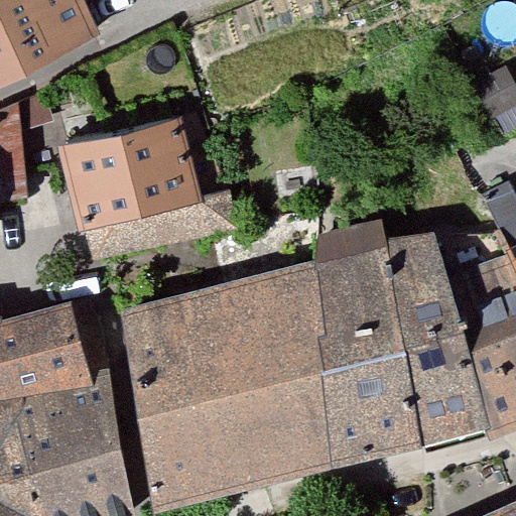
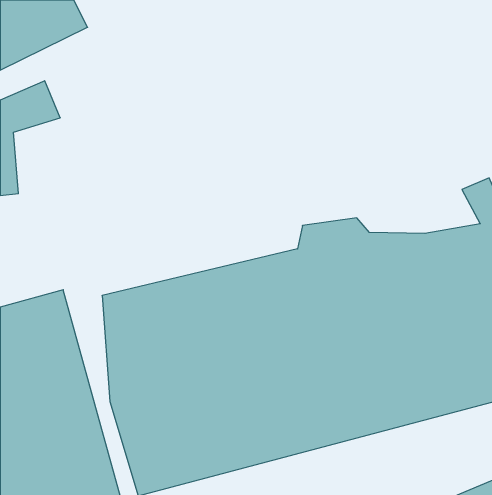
building: [53,111,238,265] -> none

